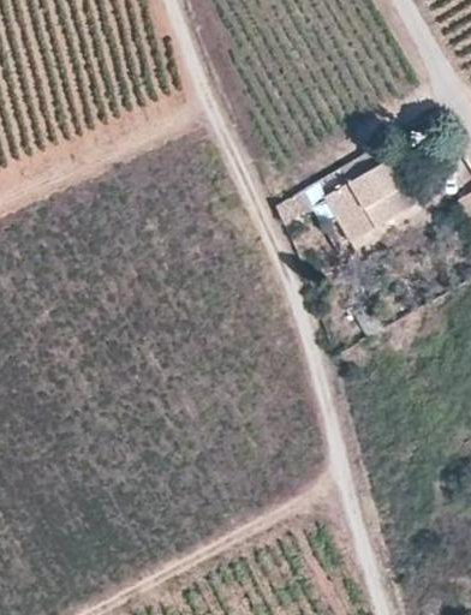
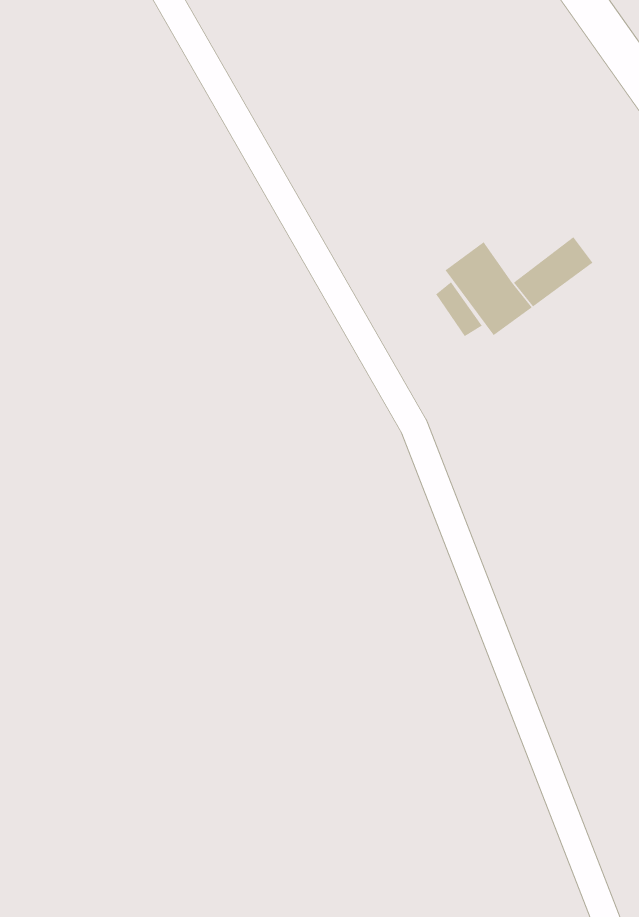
building: [351,157,407,209] -> none

